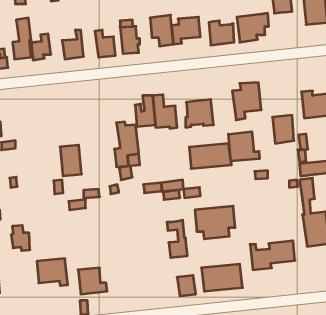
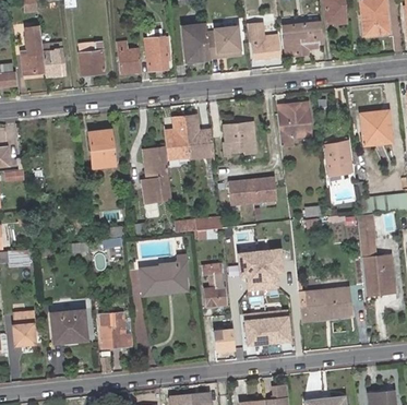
building: [228,132,259,161] -> none
building: [60,145,82,176] -> [89,130,115,166]
building: none -> [143,259,189,287]
building: [11,225,30,251] -> [12,314,34,344]

